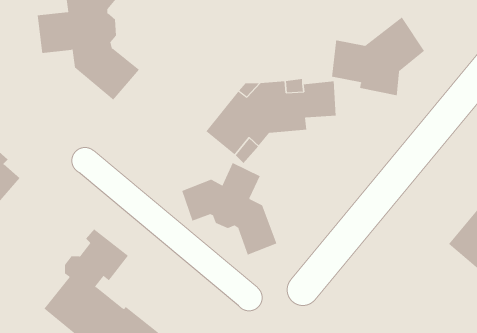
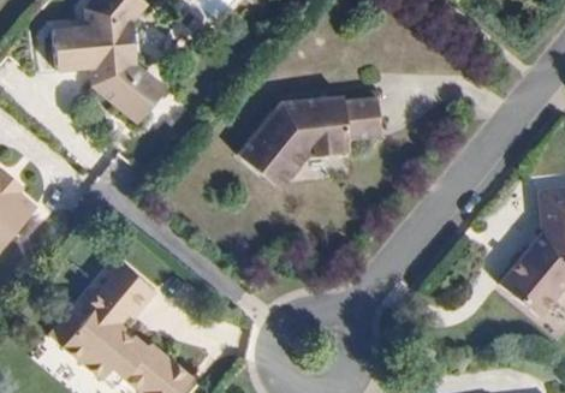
building: [332,17,425,96] -> none
building: [181,162,277,255] -> none

